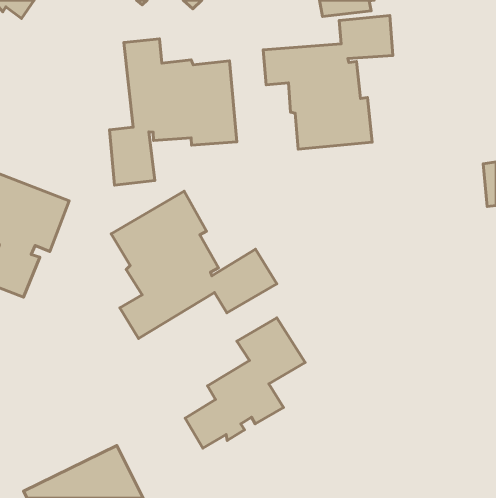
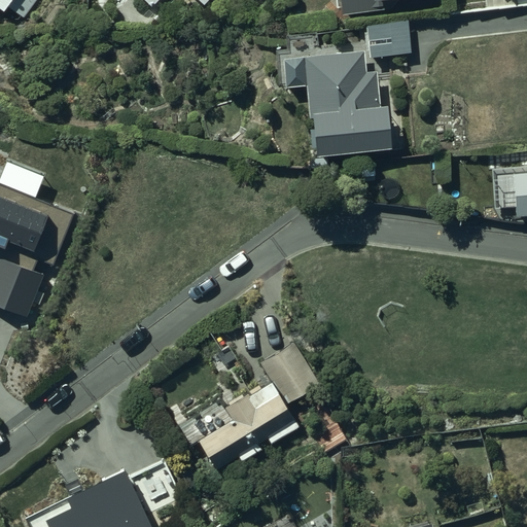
building: [110,39,237,185] -> none
building: [111,191,277,339] -> none

